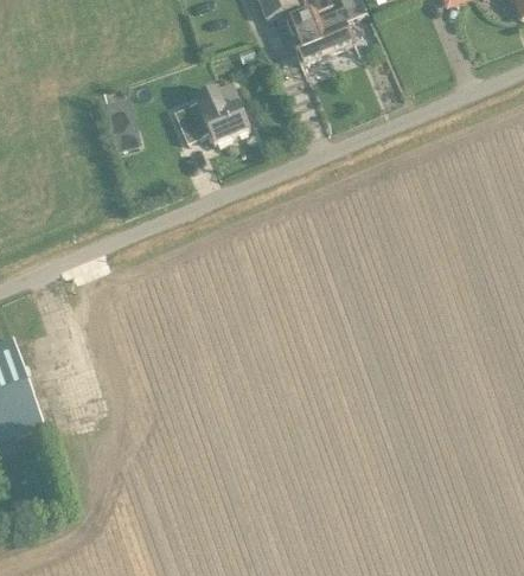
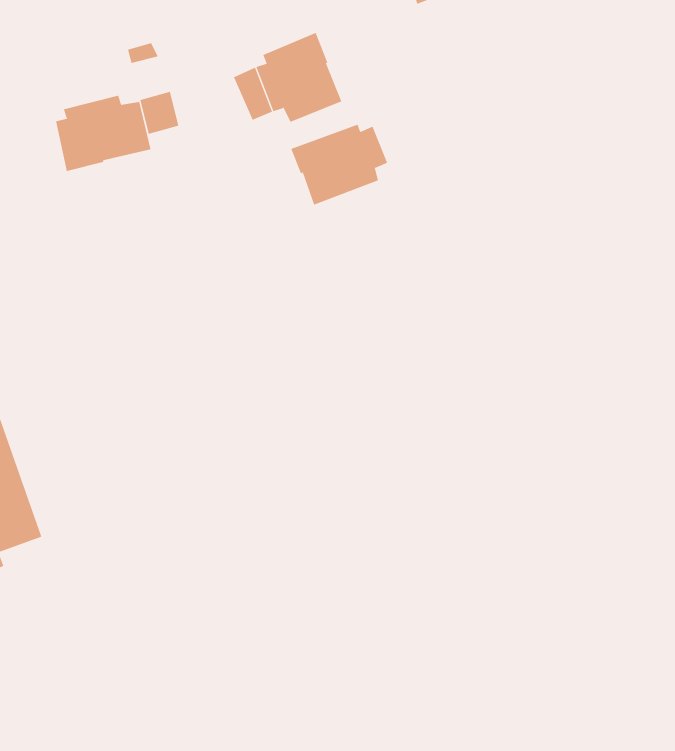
building: none -> [56,95,151,172]
building: none -> [291,124,388,205]

